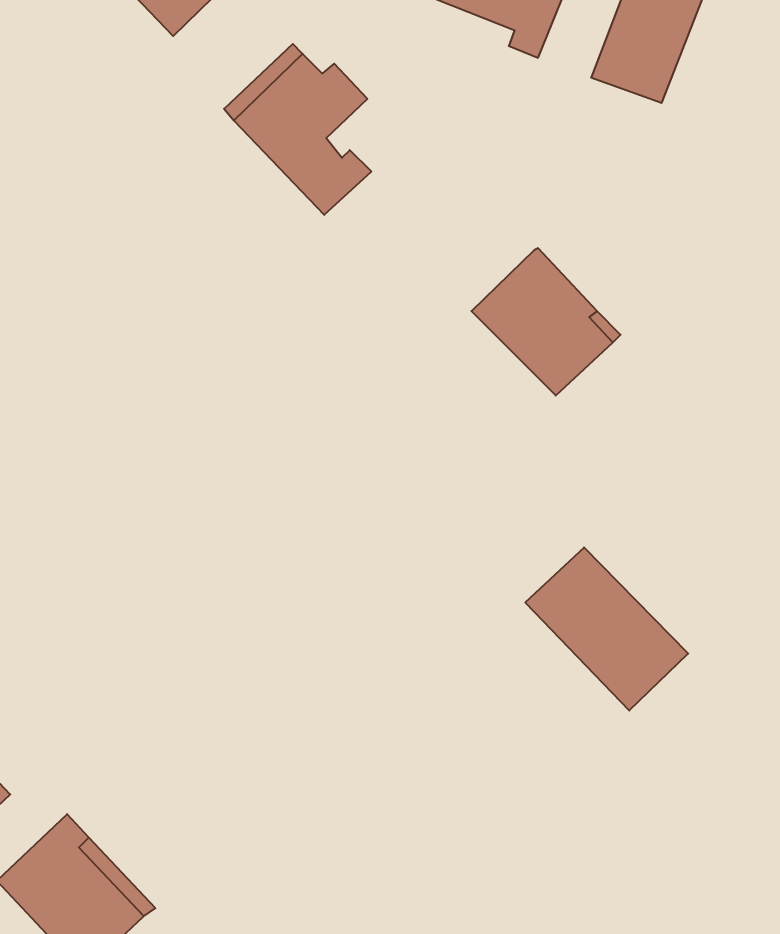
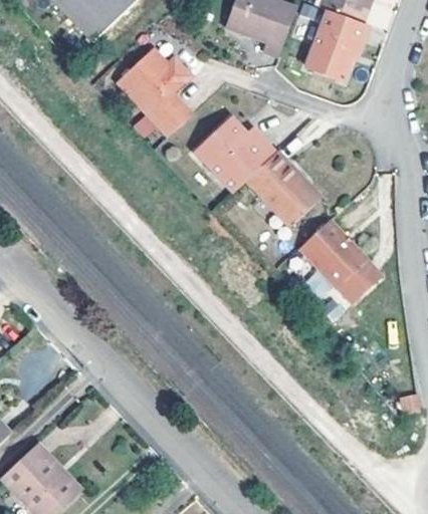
building: none -> [197,120,276,192]
building: [525,547,688,711] -> [298,219,382,302]

